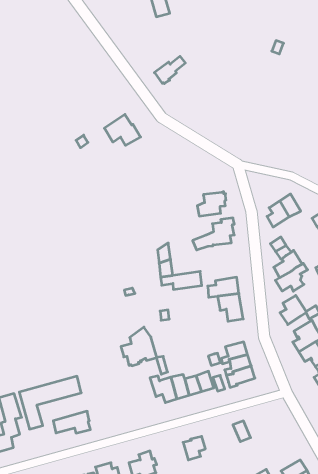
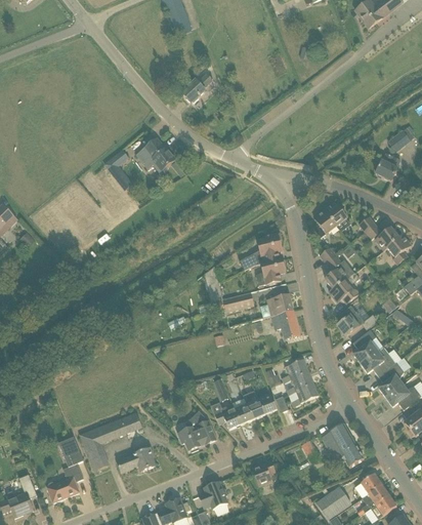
building: [197,192,226,216] -> [256,257,285,285]
building: [121,327,157,366] -> [178,410,216,451]
building: none -> [322,423,364,467]

